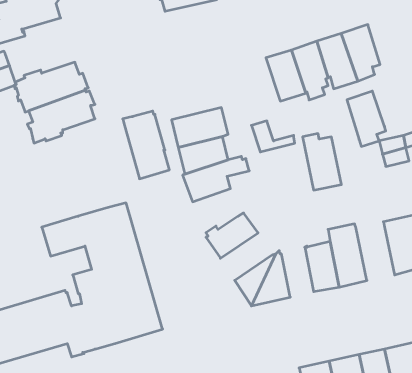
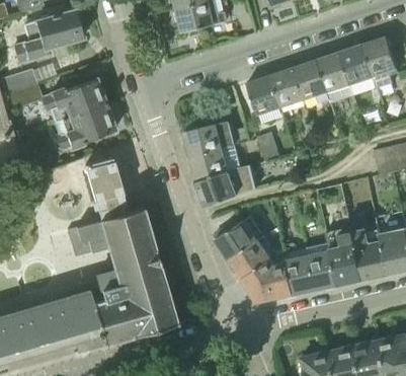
building: none -> [247,75,283,122]
building: [347,91,386,146] -> [363,36,399,87]
building: [123,111,169,179] -> [84,158,127,220]
building: [303,134,341,190] -> [352,227,388,279]
building: none -> [229,235,276,279]
building: none -> [285,248,314,294]

